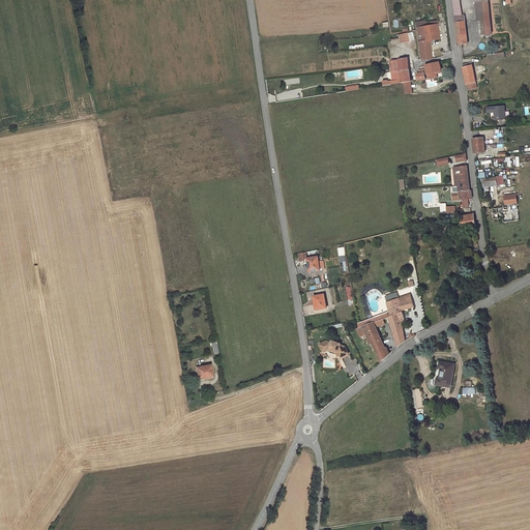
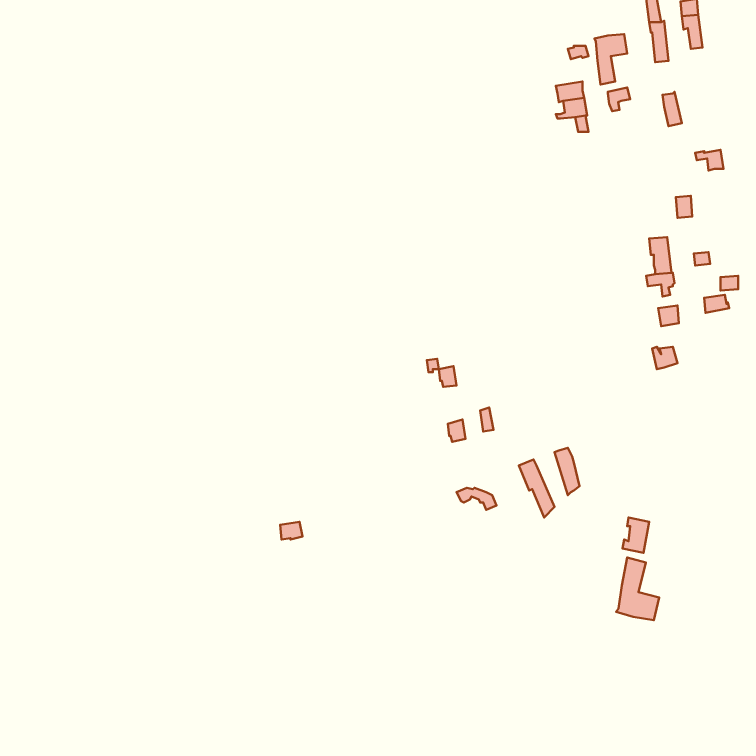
building: [384,292,413,323] -> none
building: none -> [616,557,659,620]

